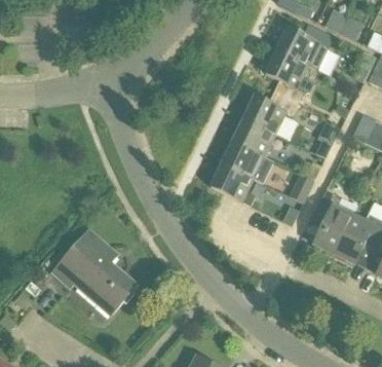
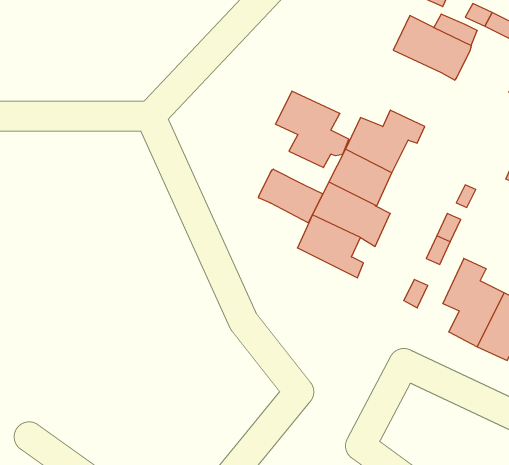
building: [265,49,315,102] -> [275,91,349,168]
building: none -> [259,169,323,223]
building: [53,229,138,315] -> none

